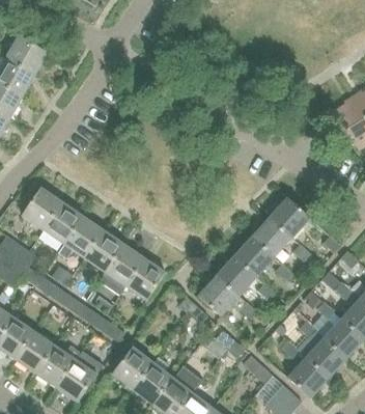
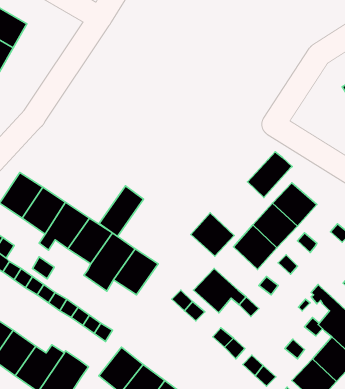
building: none -> [248,152,292,198]
building: none -> [99,186,144,237]
building: [217,255,256,295] -> [191,213,234,256]

